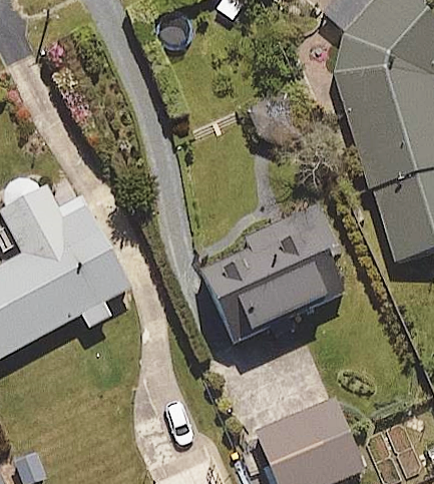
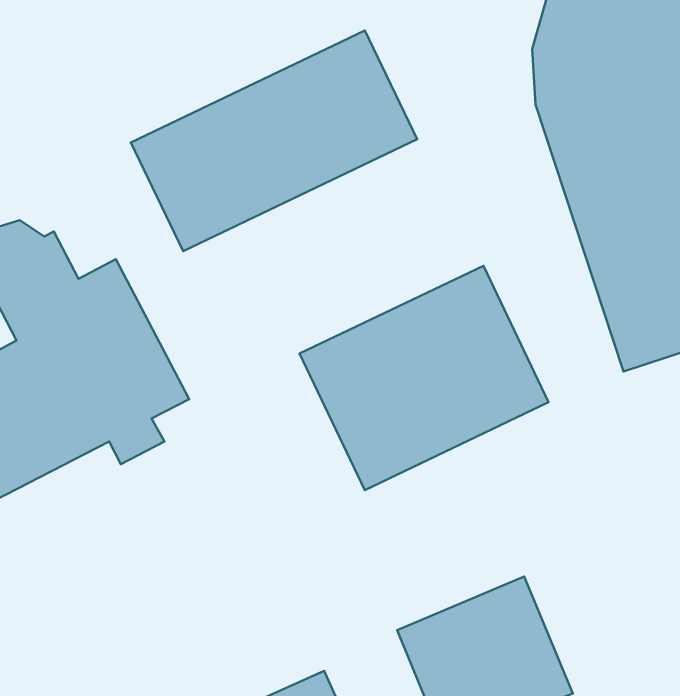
building: none -> [131,30,417,251]

